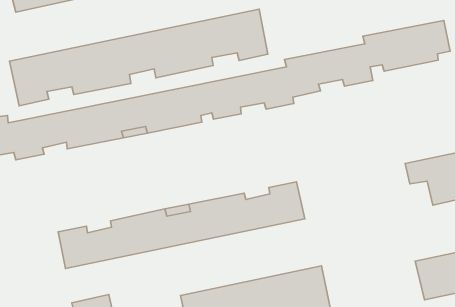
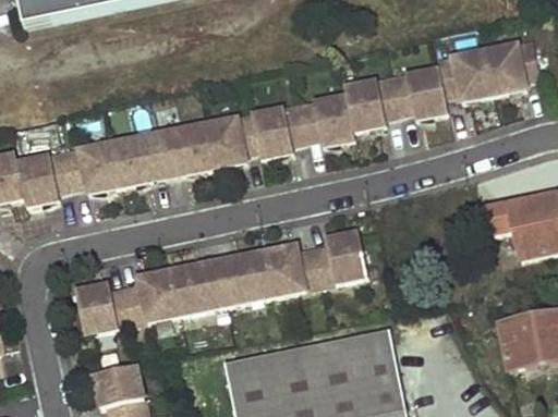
building: [10,9,268,106] -> none

